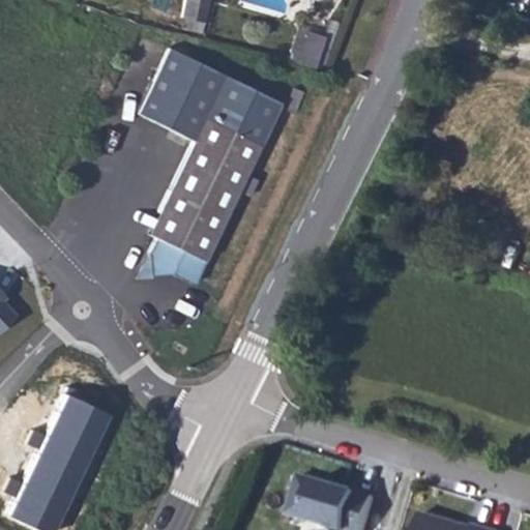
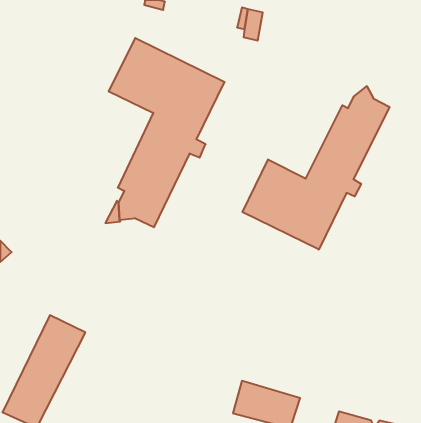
building: none -> [243,86,389,250]

